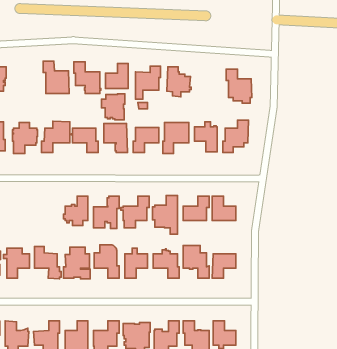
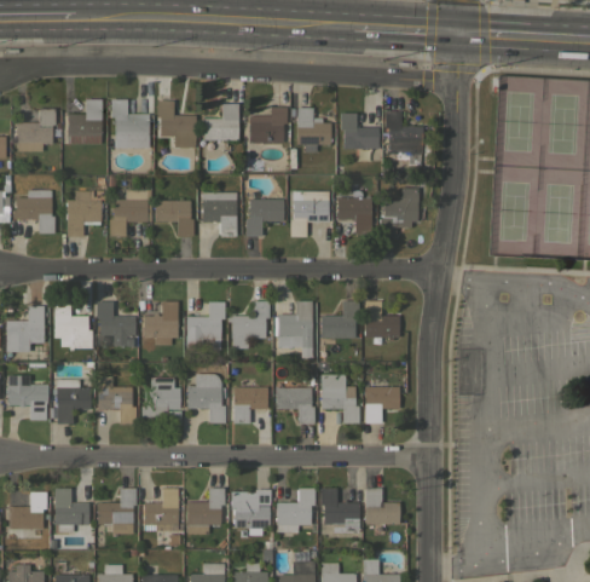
building: none -> [68,99,102,144]
building: none -> [340,113,378,149]
building: [101,94,125,120] -> none
building: none -> [54,301,92,350]
building: none -> [97,301,138,346]

